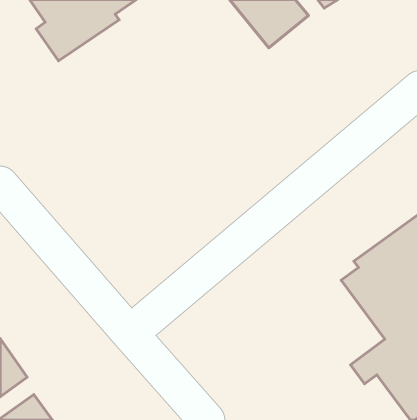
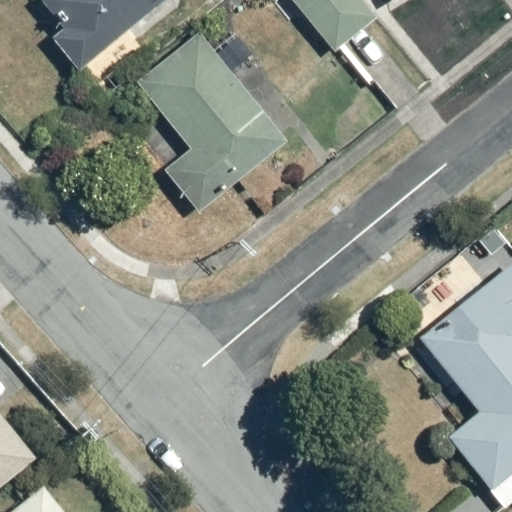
building: none -> [142,35,280,194]

